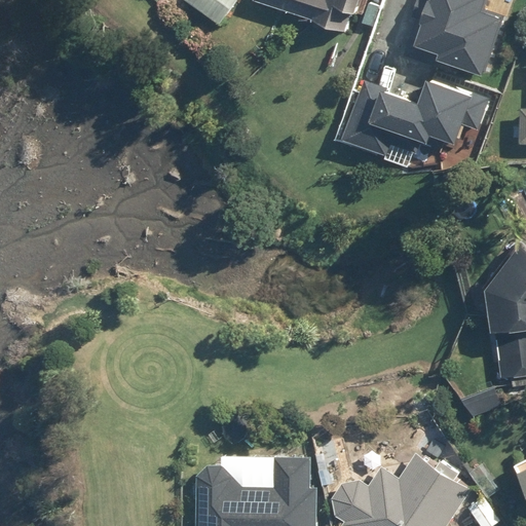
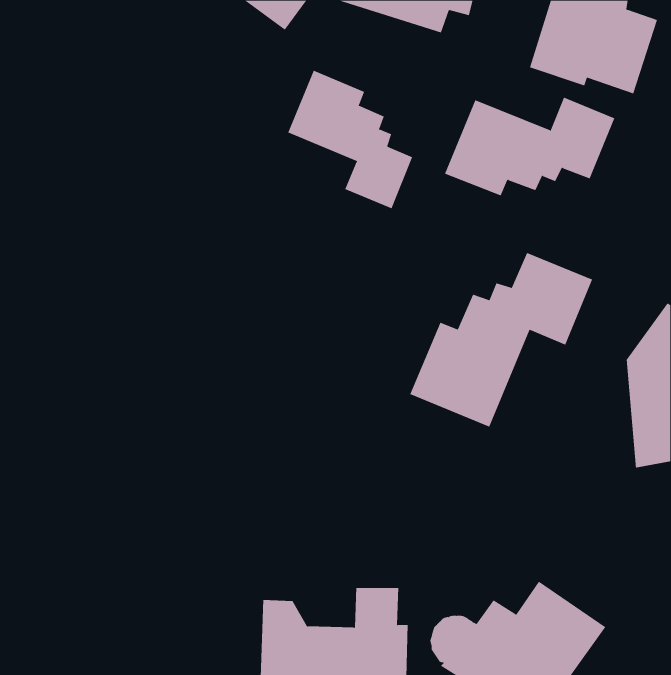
building: none -> [287,70,413,209]
building: none -> [409,252,593,427]

